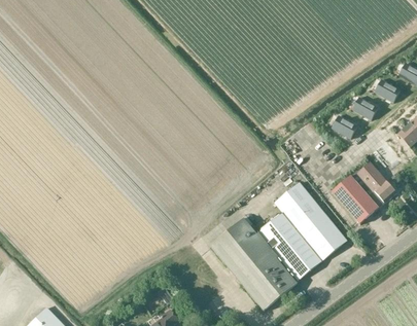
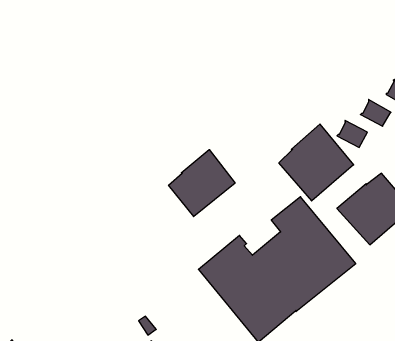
building: none -> [279,124,354,201]
building: none -> [169,150,235,217]

